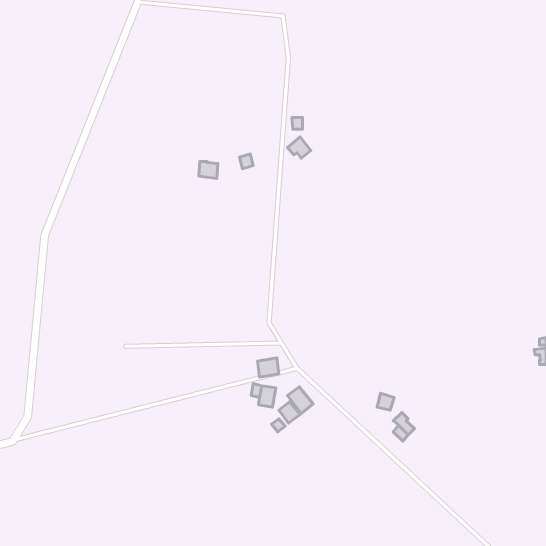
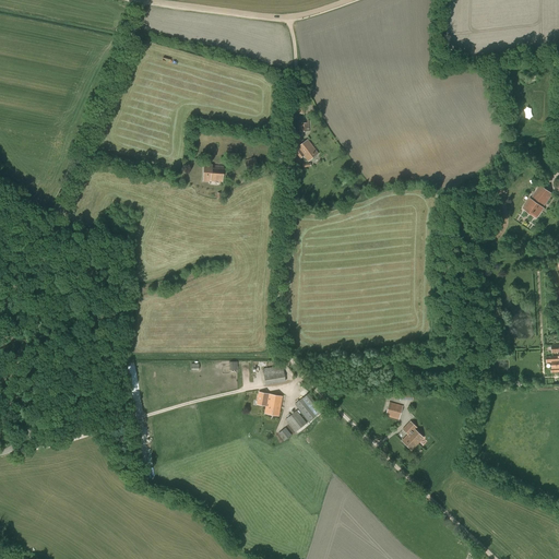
building: none -> [523,186,552,218]

